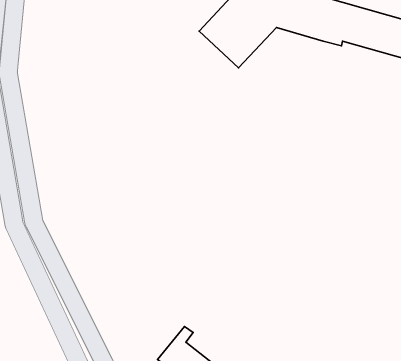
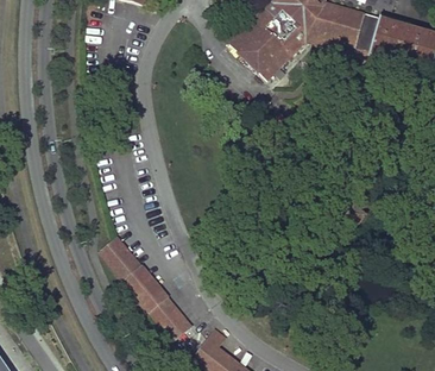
building: none -> [99,235,189,338]

